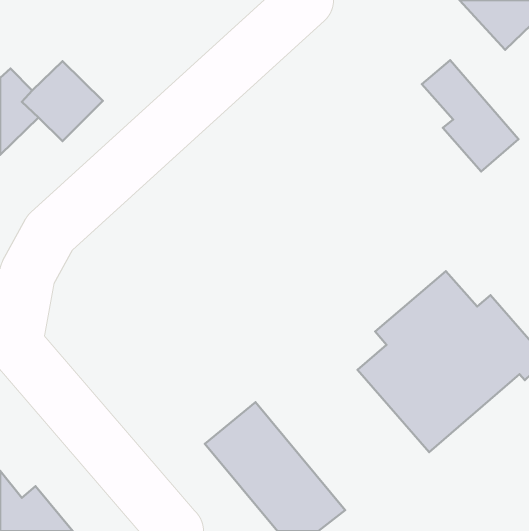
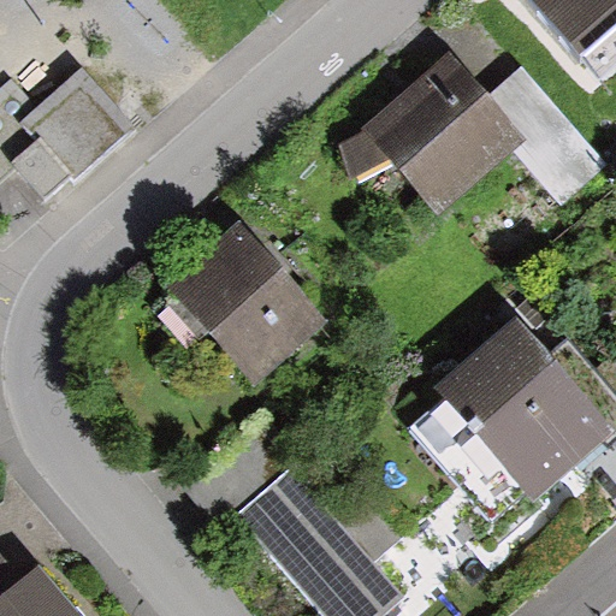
building: none -> [345,51,527,209]
building: none -> [144,239,315,408]

